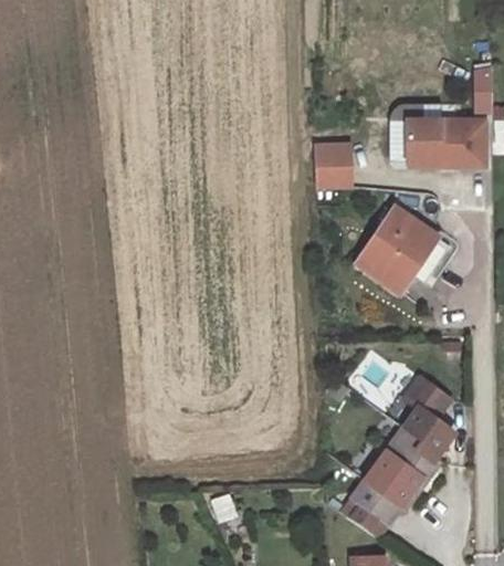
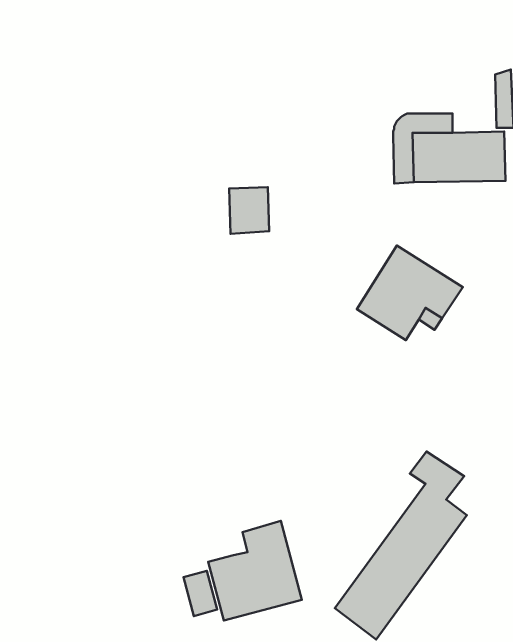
building: [314,145,348,185] -> [229,187,269,234]
building: none -> [208,521,302,621]

